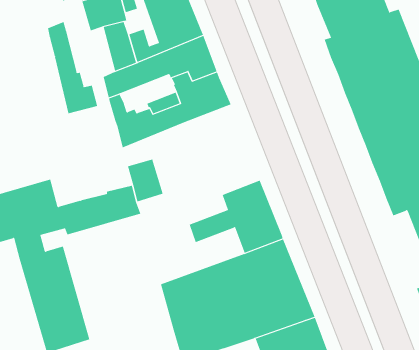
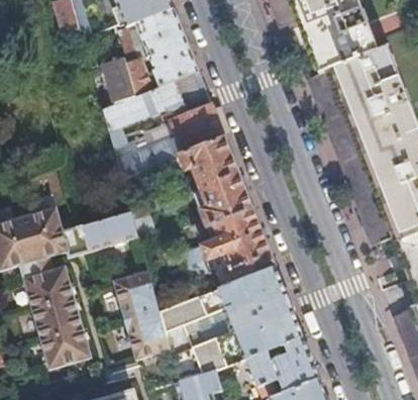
building: [48,21,98,114] -> none
building: none -> [180,133,251,221]
building: none -> [113,272,169,358]

